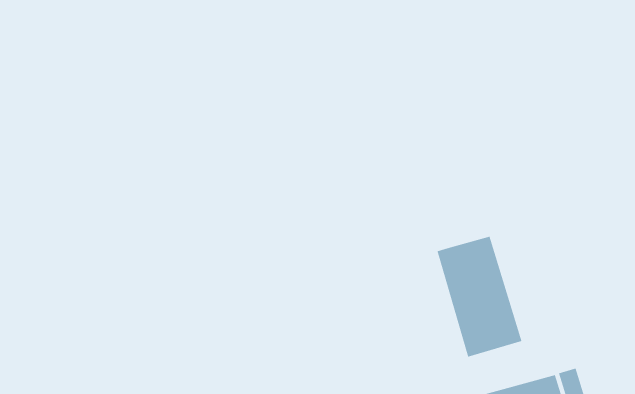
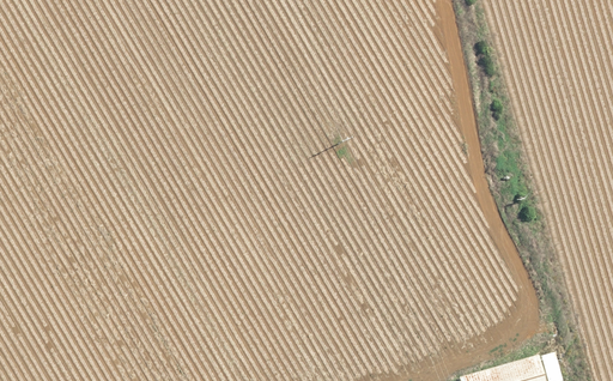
building: [437,236,522,357] -> none

